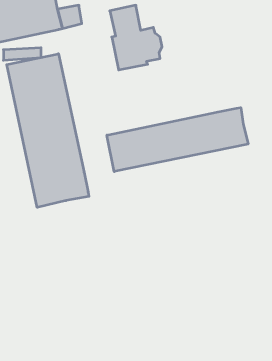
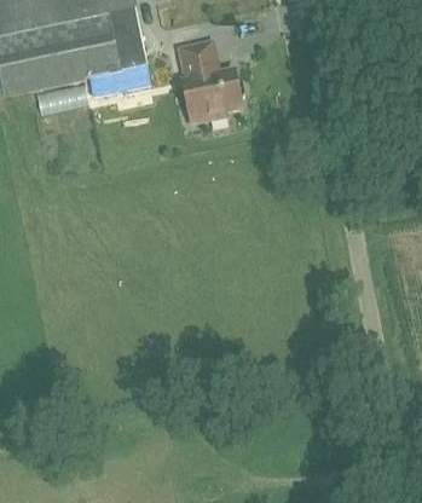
building: [7,54,89,207] -> none
building: [107,108,248,172] -> none

